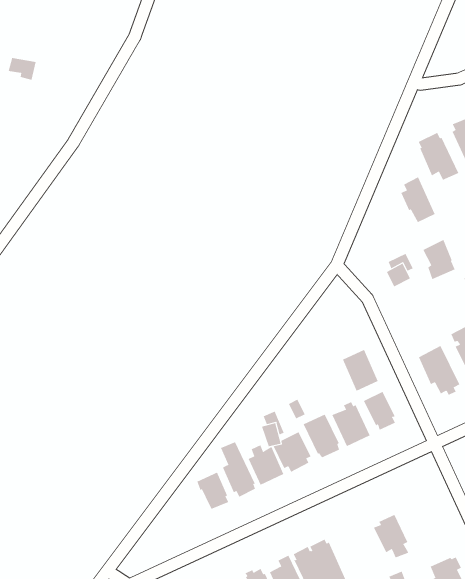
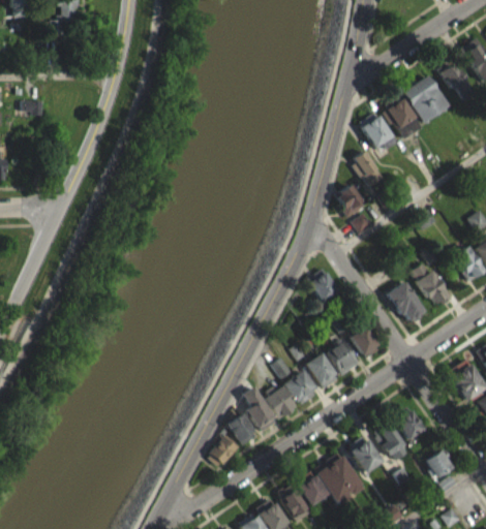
building: [423,239,455,280] -> [336,184,365,218]
building: [342,349,379,392] -> [306,268,338,303]
building: none -> [209,435,239,467]
building: none -> [394,407,424,440]
building: none -> [350,437,382,473]

